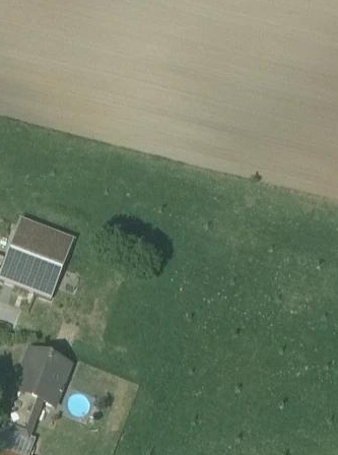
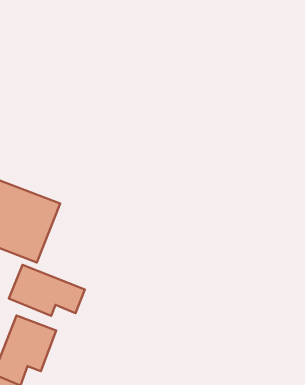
building: none -> [9,265,85,316]

